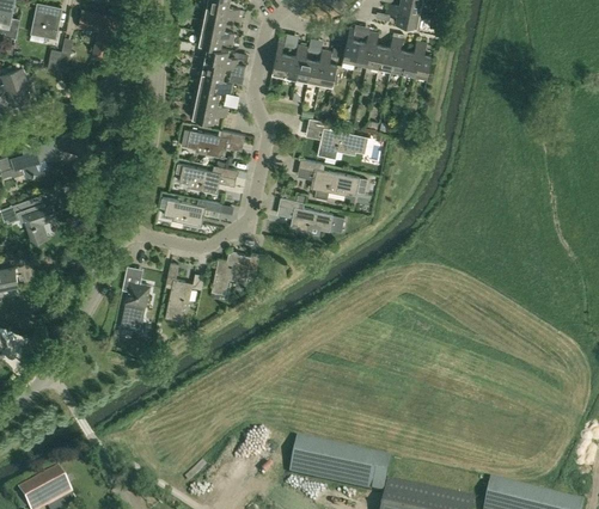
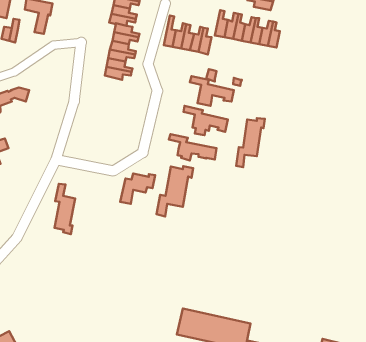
building: [182,128,245,157] -> none
building: [179,164,238,192] -> none
building: none -> [236,118,265,167]
building: [164,197,222,226] -> none
building: none -> [157,166,193,217]
building: [165,262,194,320] -> none

